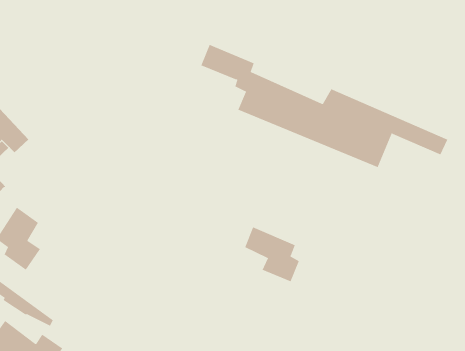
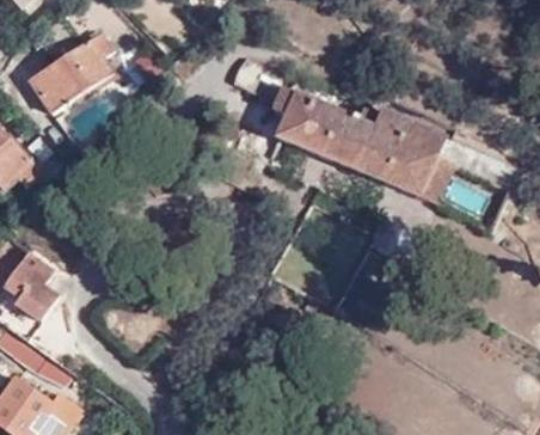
building: none -> [29,29,110,112]
building: [244,226,299,282] -> none

